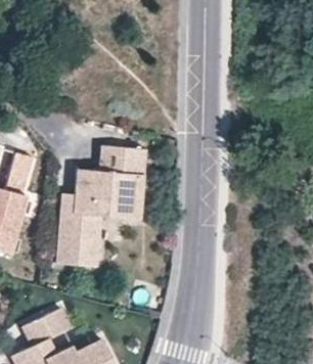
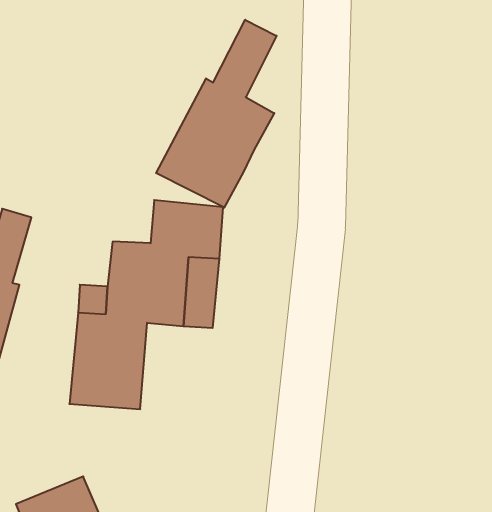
building: none -> [156,20,277,208]

